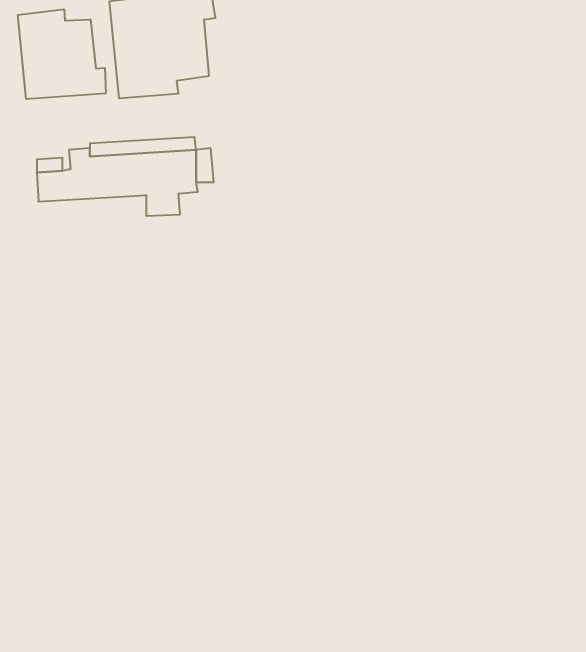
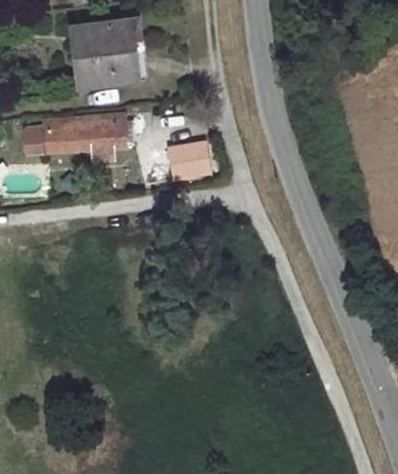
building: [18,9,106,99] -> none
building: none -> [155,143,205,171]

